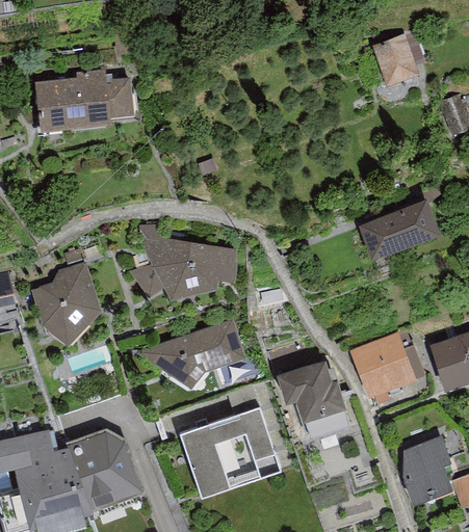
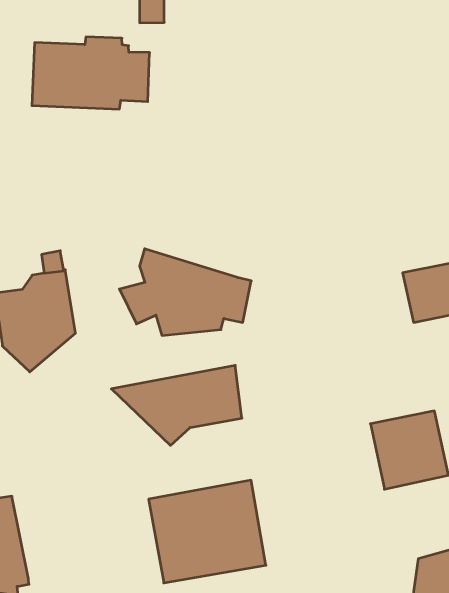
building: [277,365,349,441] -> none
building: [67,429,146,513] -> none

